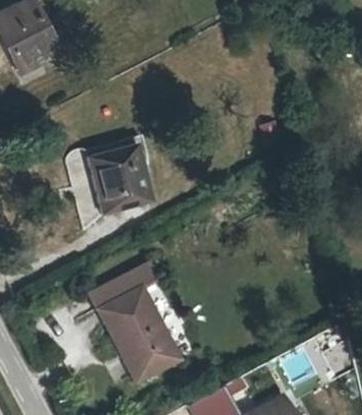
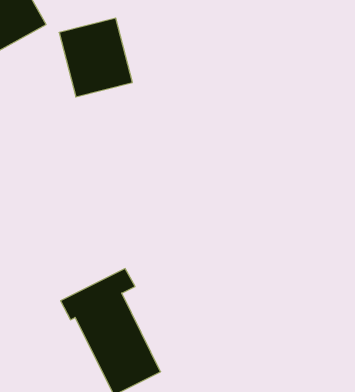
building: [81,141,148,214] -> [59,18,132,97]

